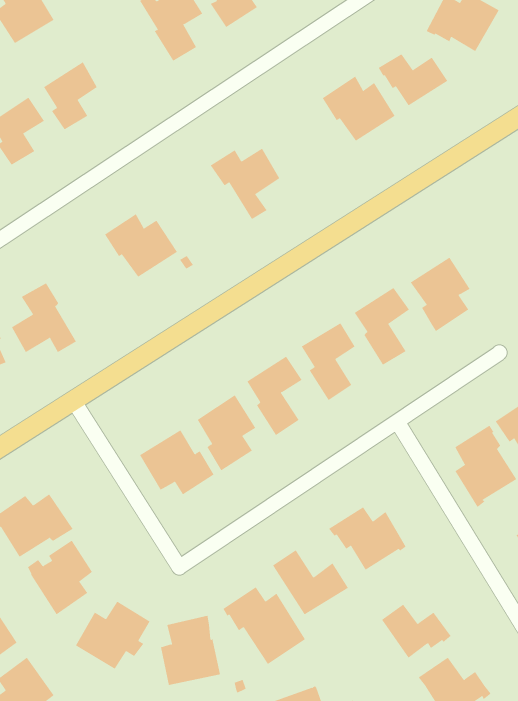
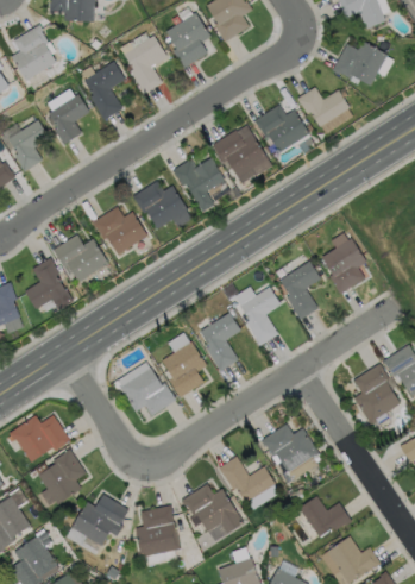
building: none -> [84,62,125,120]
building: none -> [213,131,268,178]
building: none -> [133,181,188,230]
building: none -> [54,236,108,282]

